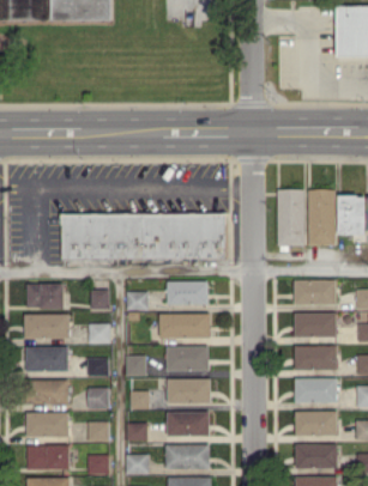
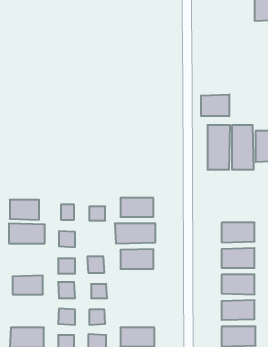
building: none -> [201,94,229,116]
building: [62,213,225,260] -> none
building: [295,279,337,305] -> none
building: [26,347,68,371] -> none
building: [168,379,211,403] -> none
building: [26,412,70,437] -> none
building: [167,412,209,436] -> none

